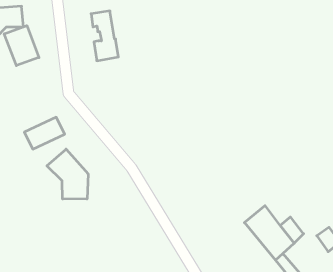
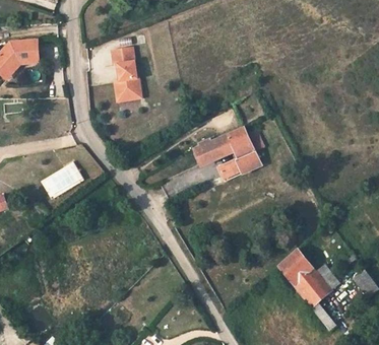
building: [4,26,39,66] -> none
building: none -> [196,119,264,183]
building: [47,149,88,199] -> none

